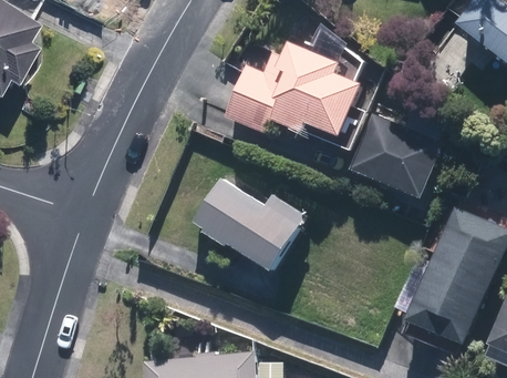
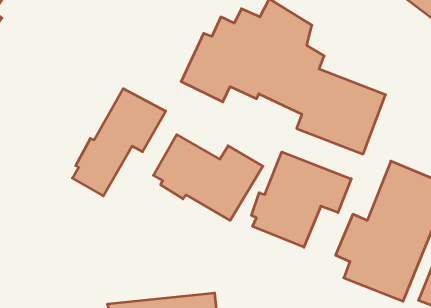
building: none -> [72,89,166,196]
building: none -> [251,152,351,247]

